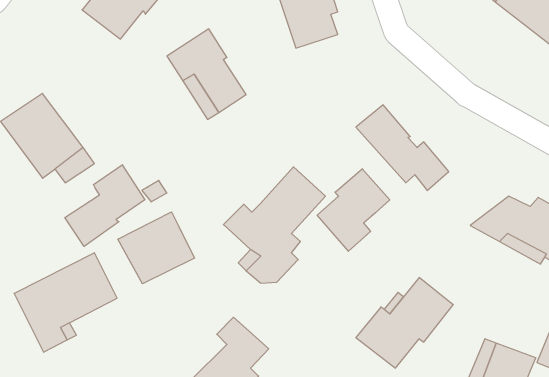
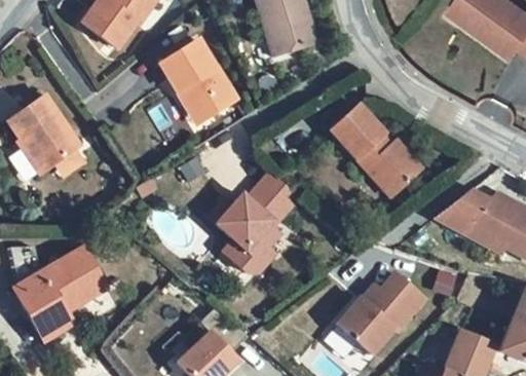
building: [65,165,145,246] -> none
building: [317,169,390,251] -> none
building: [118,212,194,284] -> none

